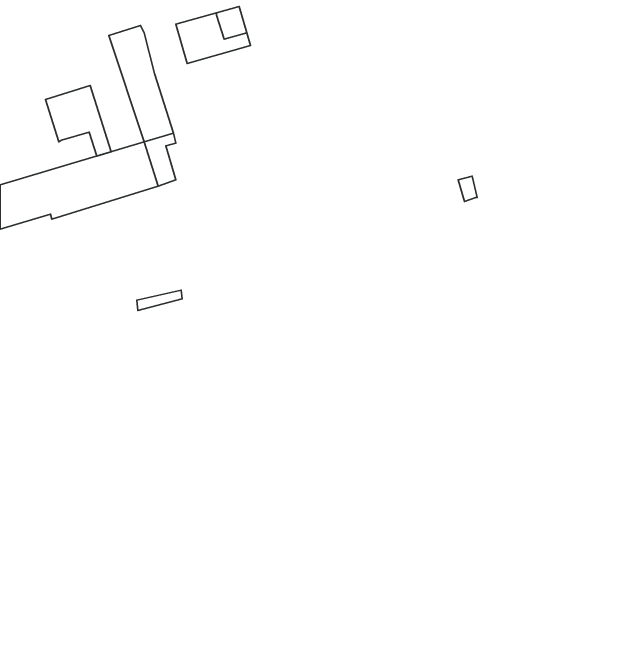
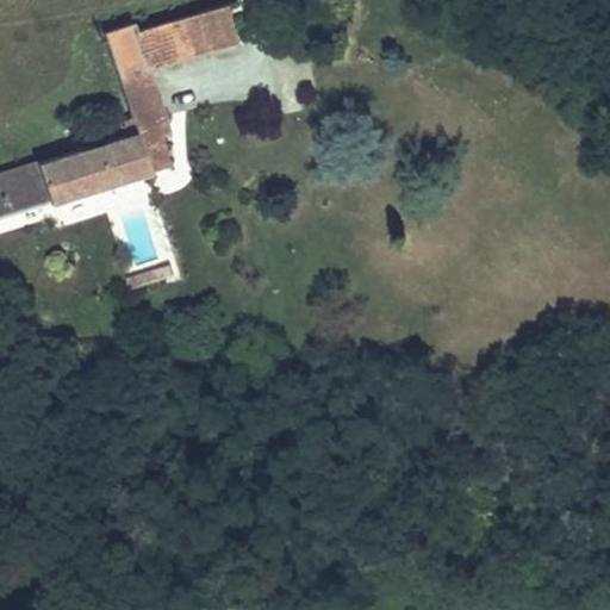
building: none -> [139,23,180,69]
building: [45,86,111,156] -> none

